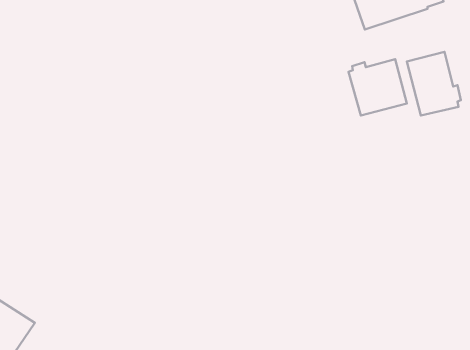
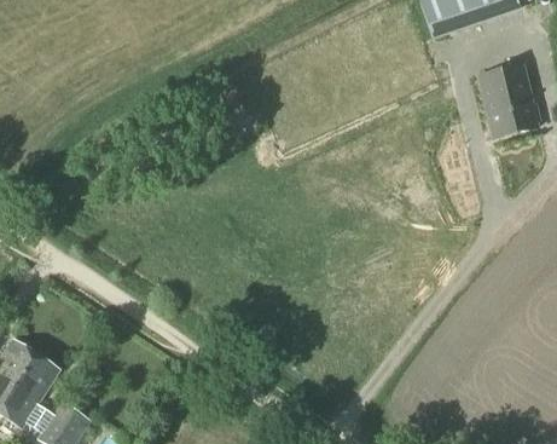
building: [348,59,407,115] -> none

